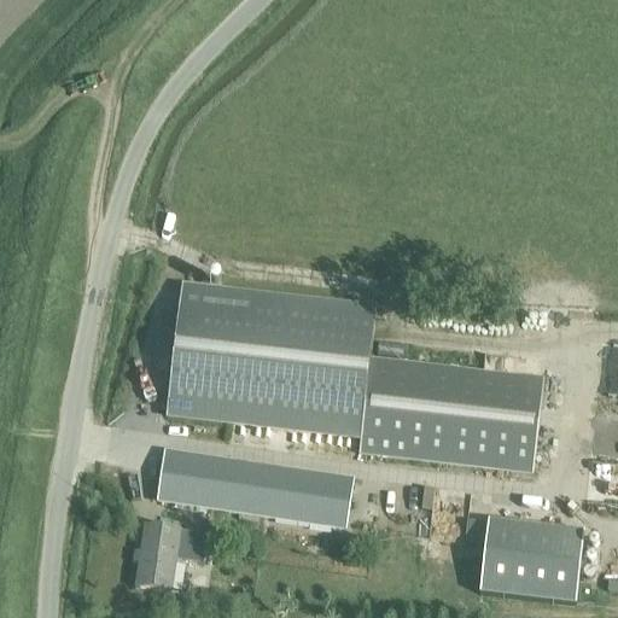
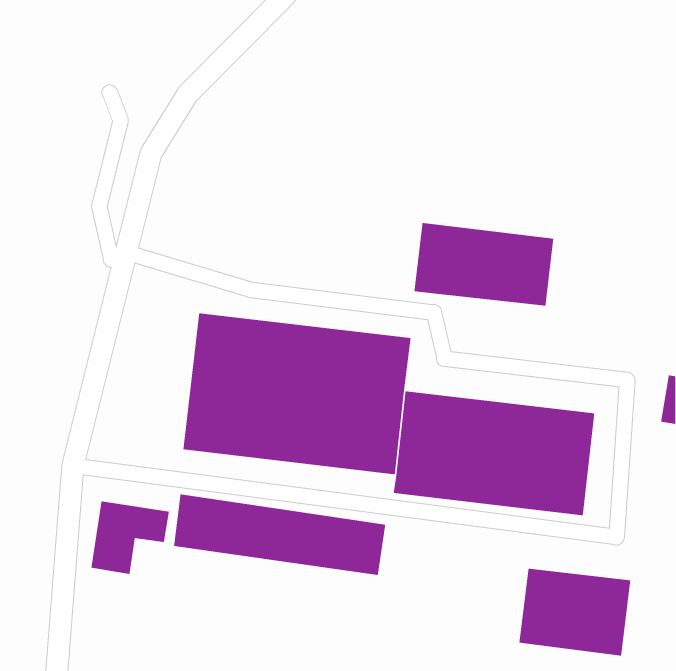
building: none -> [414,222,554,307]
building: [135,523,208,590] -> [90,501,170,575]

